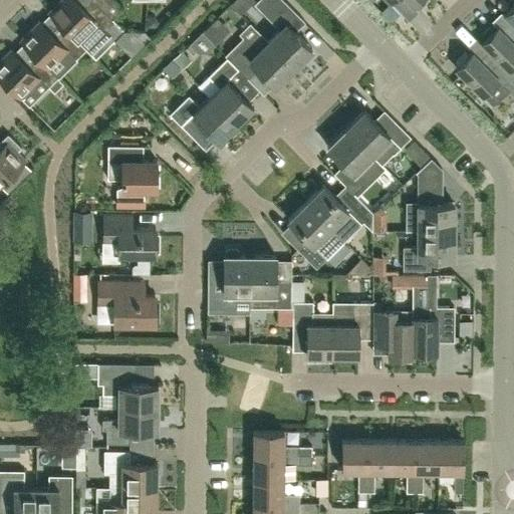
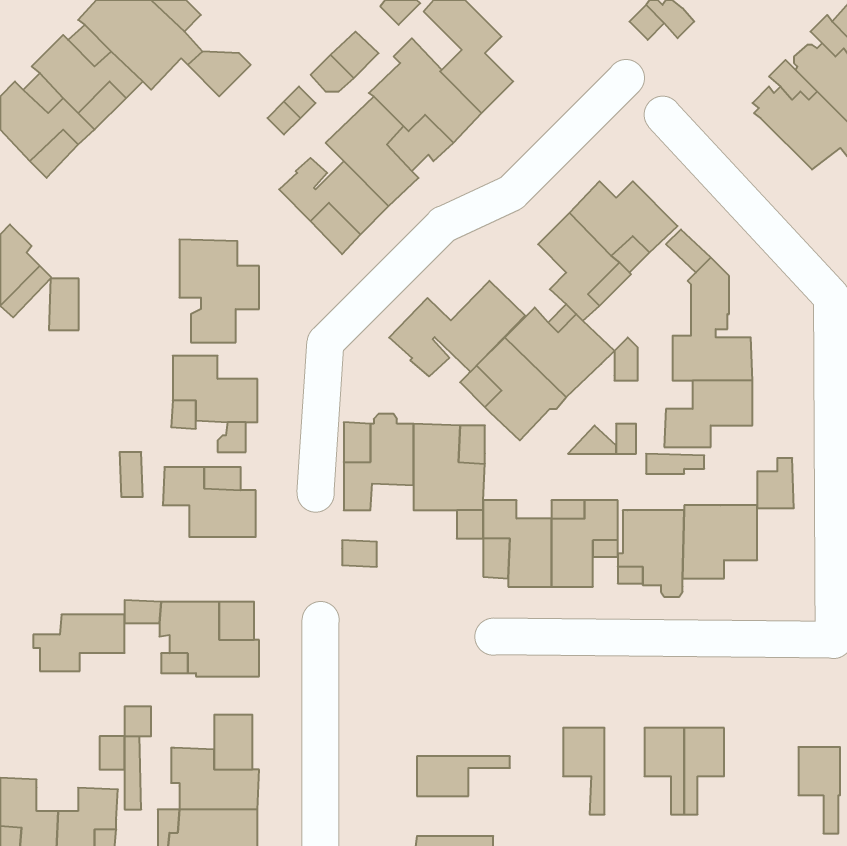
building: none -> [389,281,525,376]
building: [74,211,92,242] -> [49,279,79,330]
building: [415,277,437,307] -> [757,458,794,508]
building: [208,294,251,315] -> none
building: [102,411,158,445] -> [33,615,125,671]
building: [253,434,312,459] -> none
building: [366,442,391,494] -> none
building: [439,442,464,494] -> [798,747,840,833]
building: [253,483,299,507] -> none

